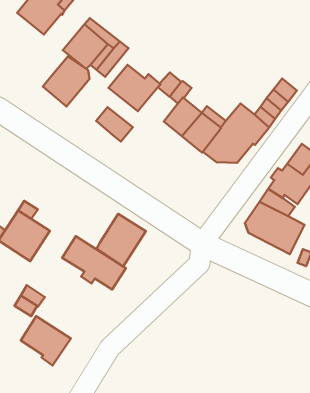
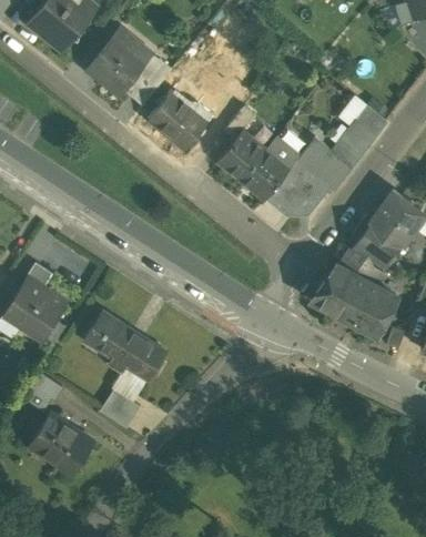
building: [43,56,89,107] -> none
building: [96,107,133,142] -> none
building: [97,214,146,266] -> none
building: none -> [99,389,140,428]

